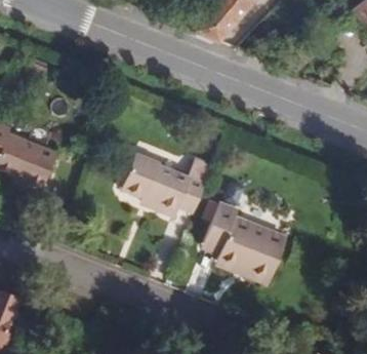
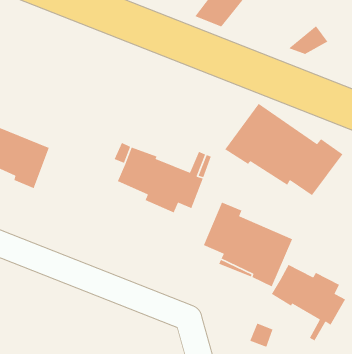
building: none -> [224,103,344,196]
building: none -> [271,264,346,341]

